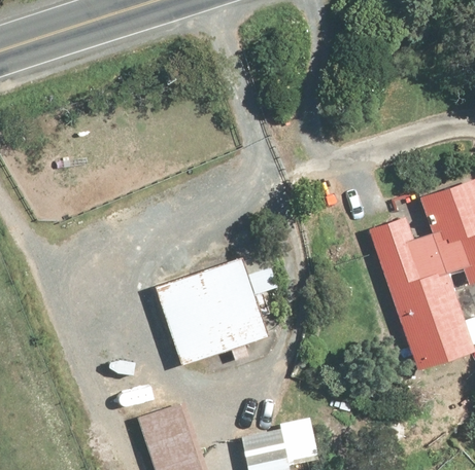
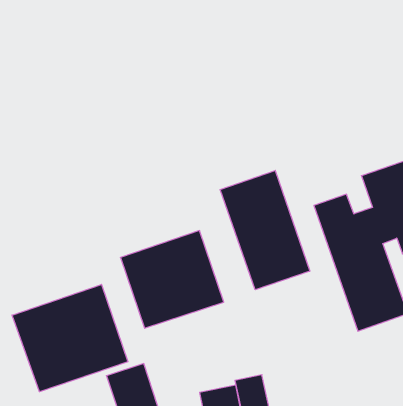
building: none -> [220,170,310,290]
building: none -> [12,284,128,392]

